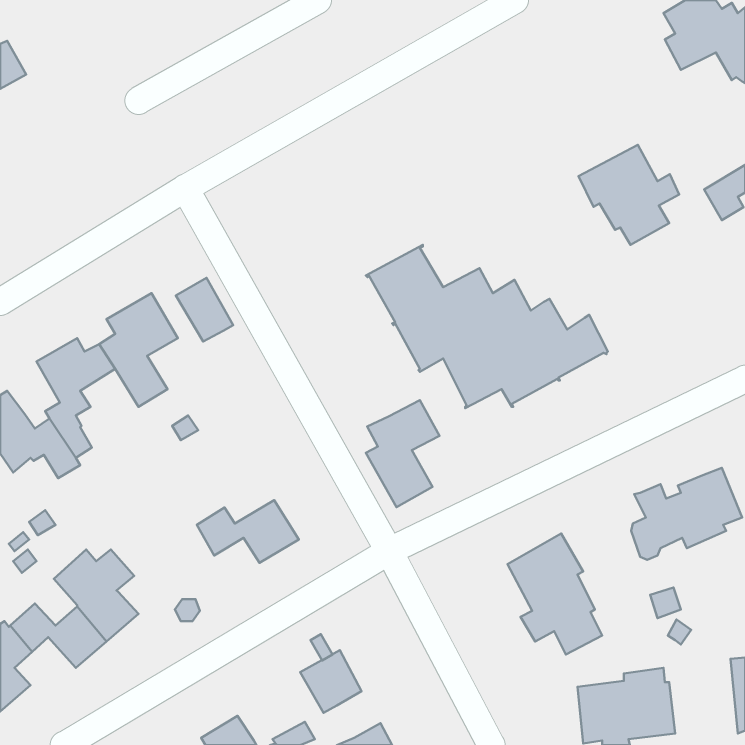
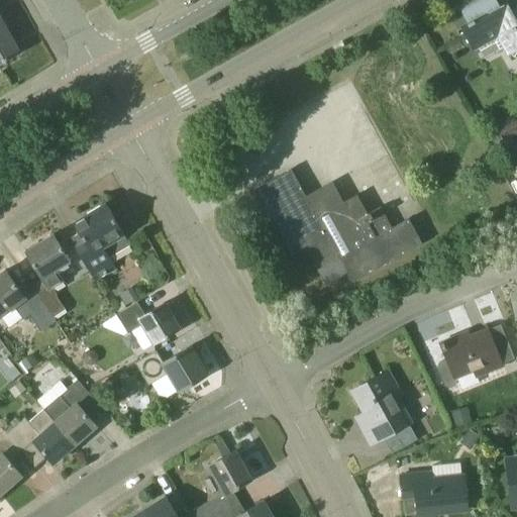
building: [578,145,679,245] -> none
building: [176,278,233,342] -> none
building: [366,400,439,507] -> none
building: none -> [117,303,179,349]

